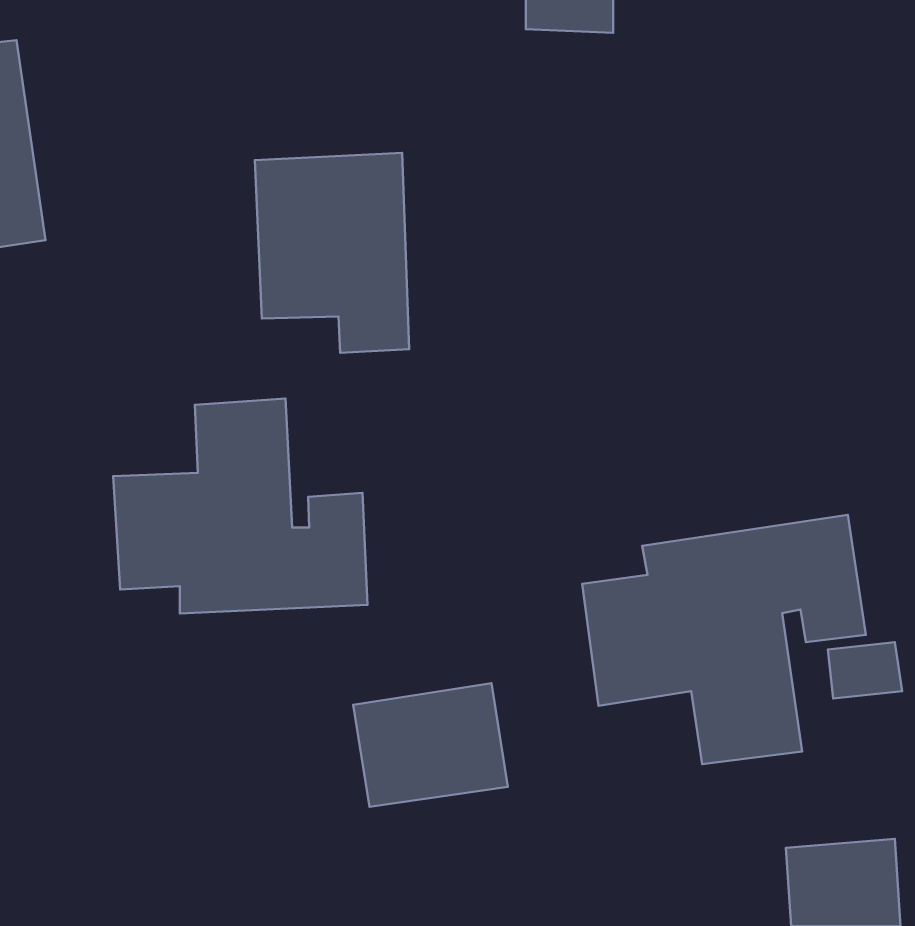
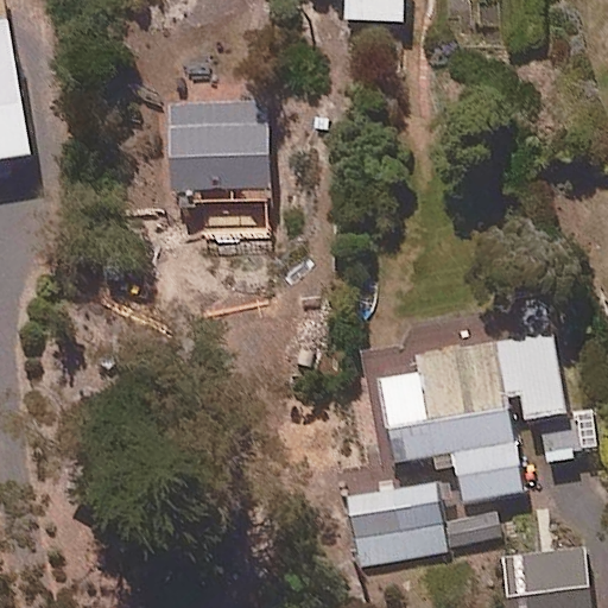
building: [113,399,368,613] -> none
building: [353,683,508,807] -> [344,482,445,563]

